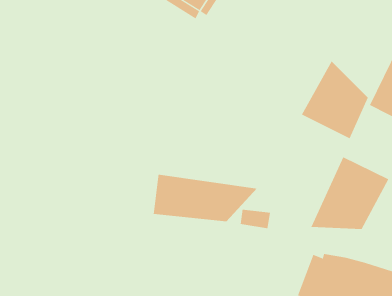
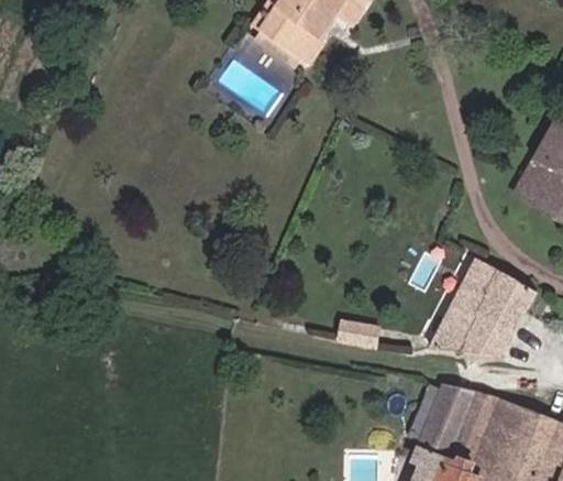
building: [301,60,369,139] -> none
building: [153,174,258,222] -> none

